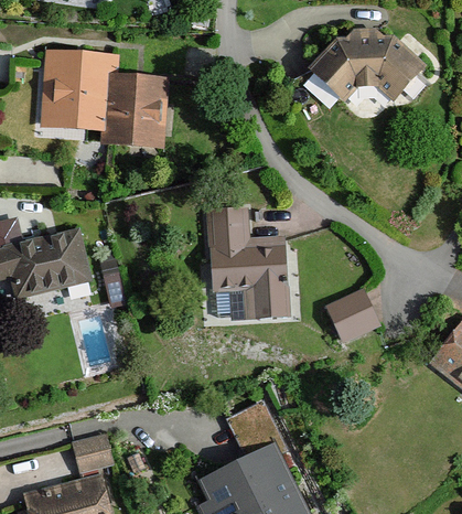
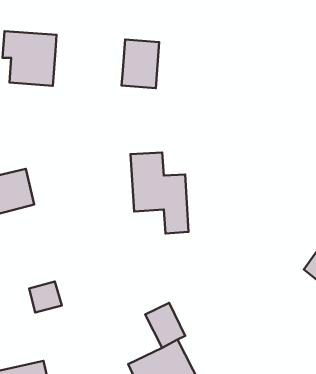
building: [311,35,419,99] -> none
building: [108,81,157,143] -> [122,39,159,88]
building: [332,292,375,339] -> none
building: [74,435,116,474] -> [29,282,62,312]

